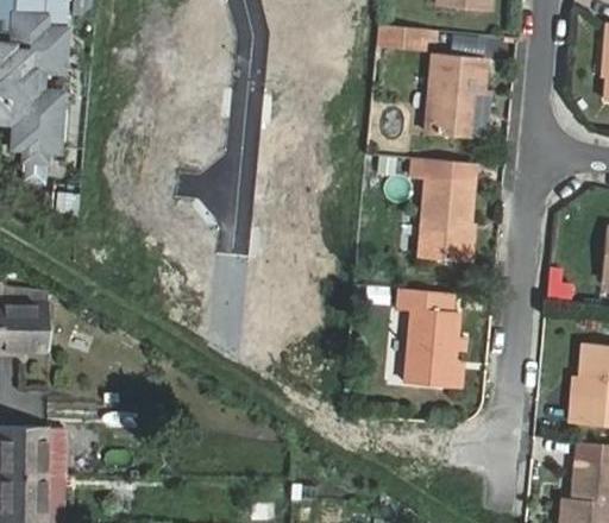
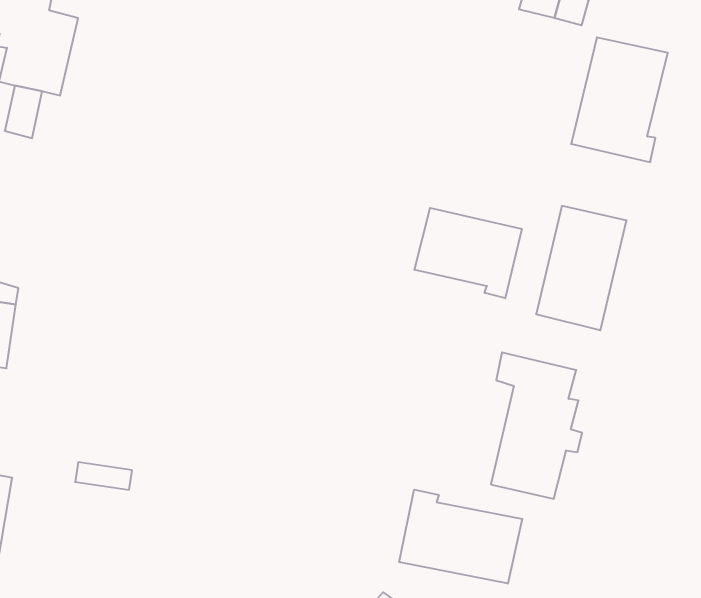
building: none -> [414,208,522,298]
building: none -> [399,490,522,584]

